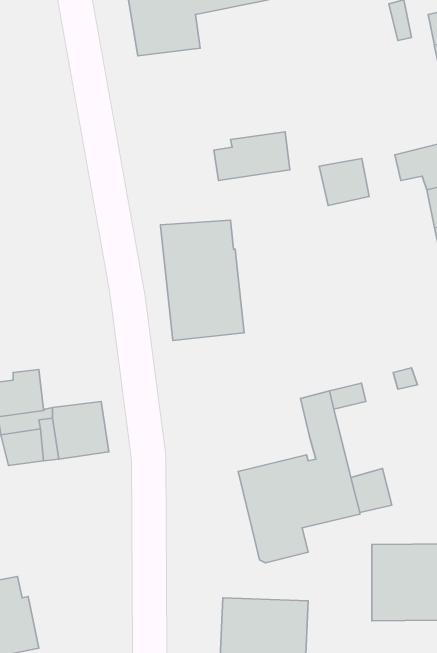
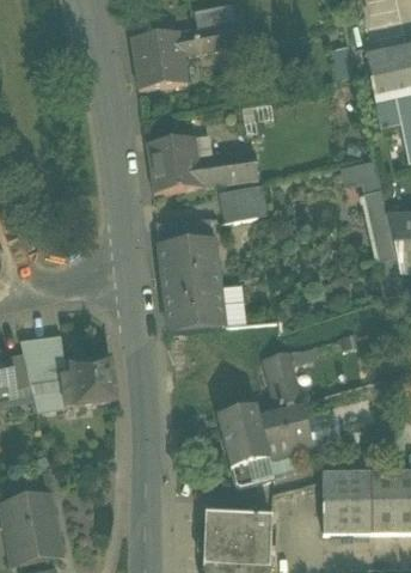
building: none -> [147,133,202,190]
building: [319,158,369,206] -> [219,183,258,220]
building: none -> [166,304,225,328]

